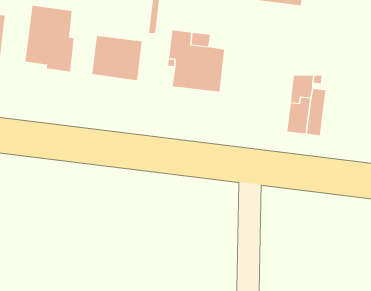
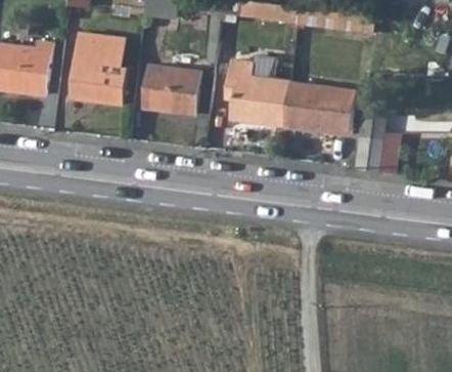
building: none -> [282,58,358,134]

